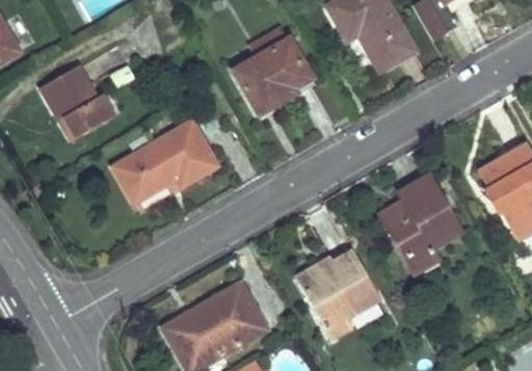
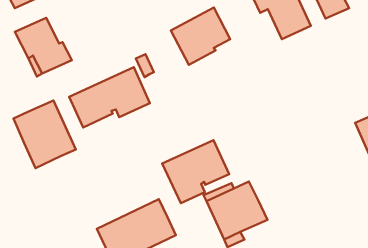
building: none -> [14,100,76,168]
building: [380,176,459,268] -> none
building: none -> [162,140,229,203]

